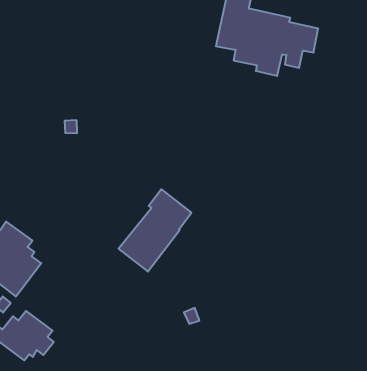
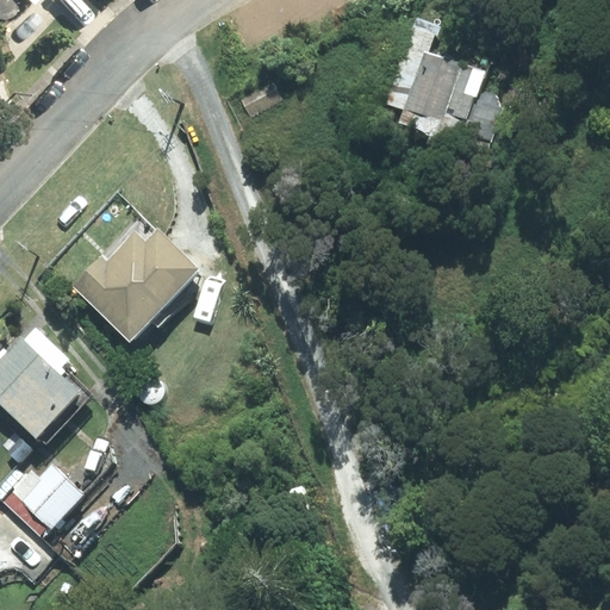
building: [119,189,191,272] -> [91,220,204,340]

